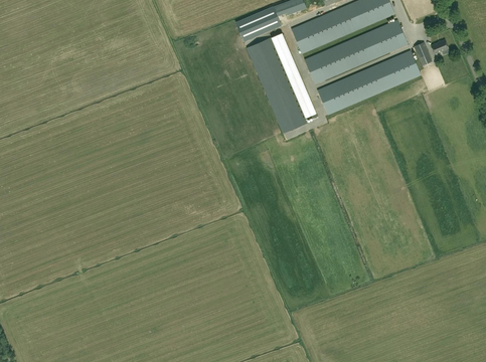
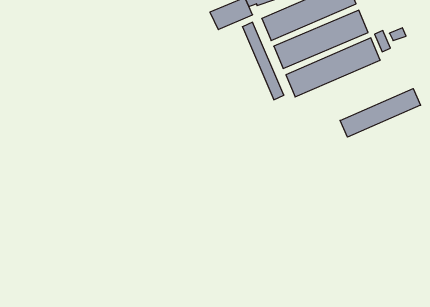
building: [246,38,306,133] -> none
building: none -> [340,89,421,137]

